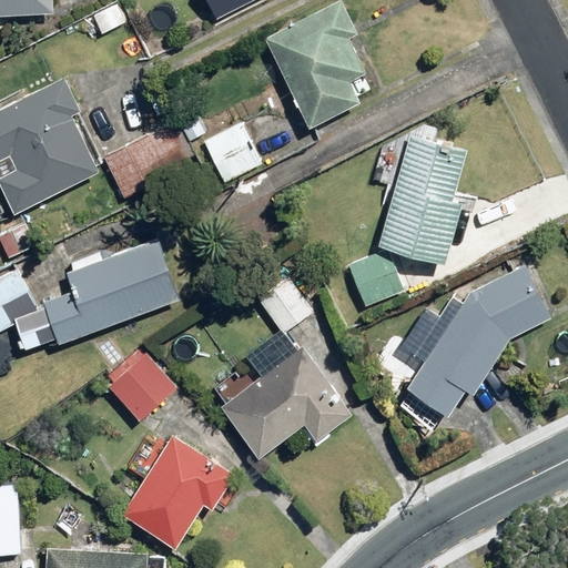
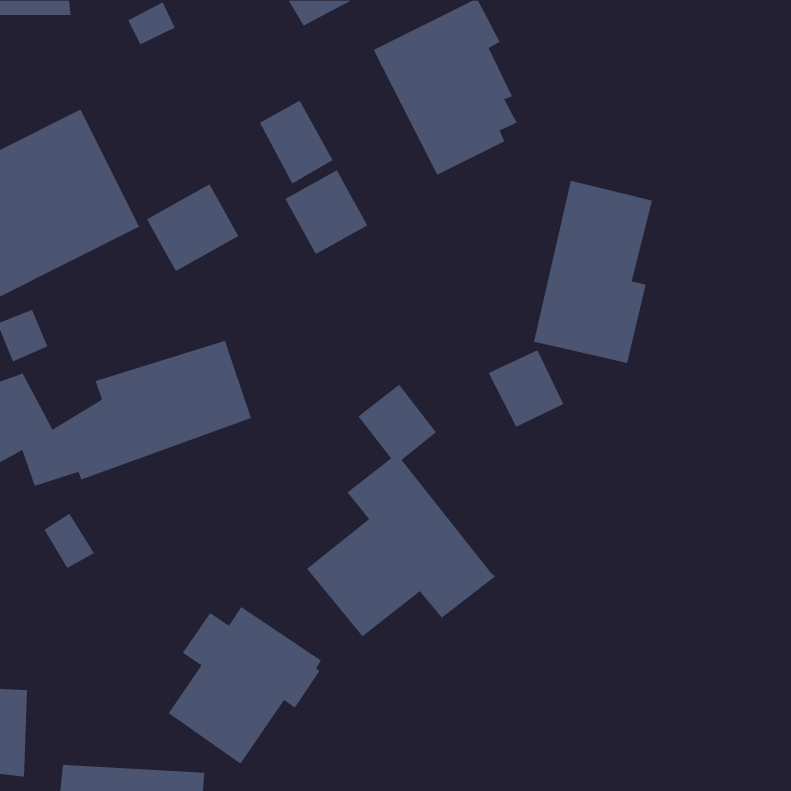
building: none -> [259,100,333,184]
building: [405,263,552,417] -> none
building: [102,347,176,422] -> none

